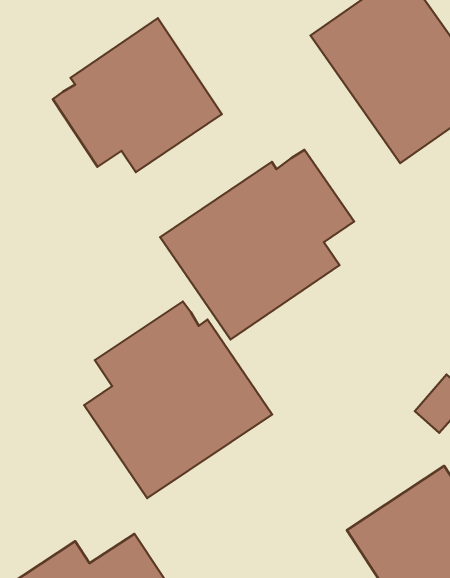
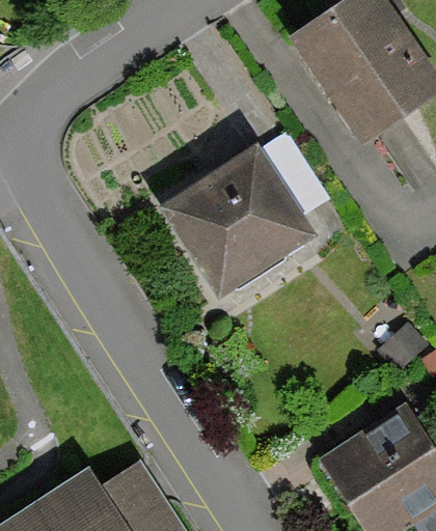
building: [53,18,222,172] -> none
building: [84,301,272,498] -> none

